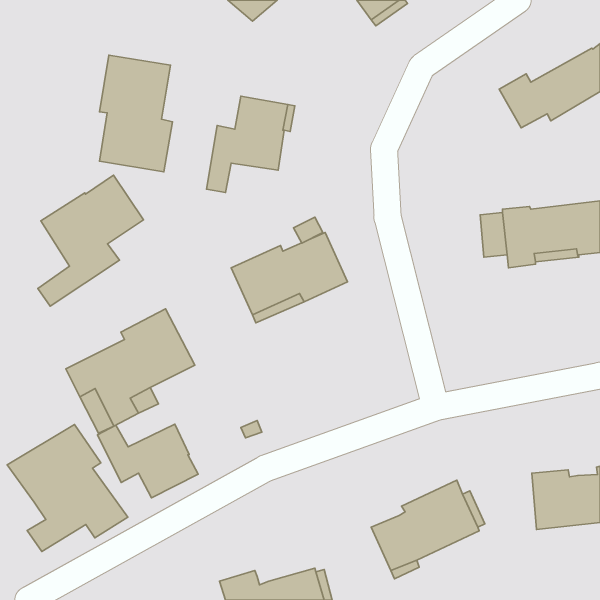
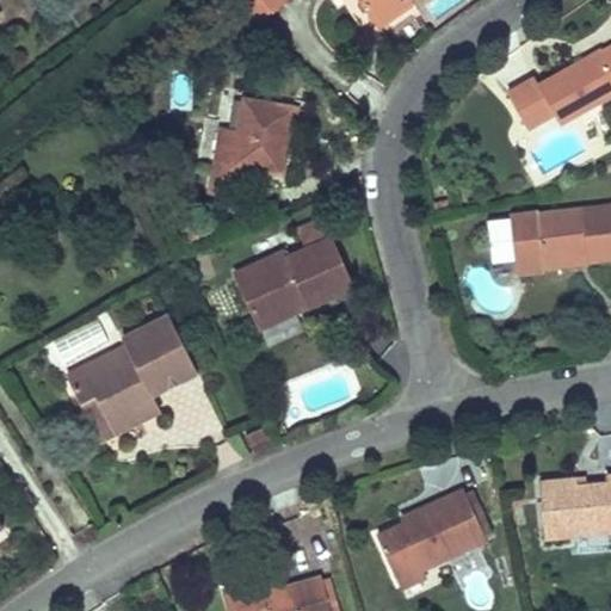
building: [99,55,173,172] -> none
building: [38,175,143,306] -> none
building: [97,424,198,498] -> none
building: [7,424,128,552] -> none

